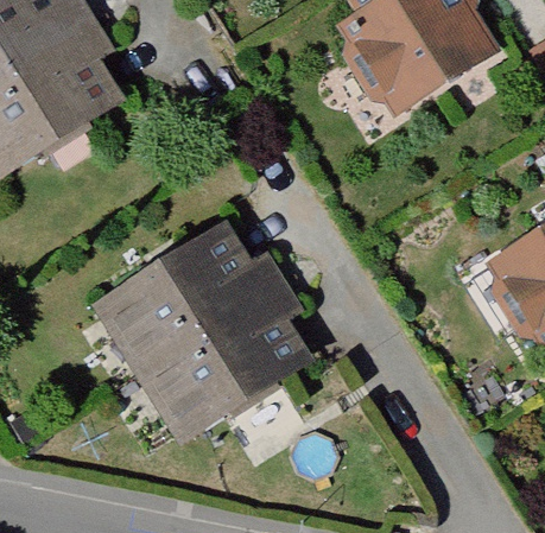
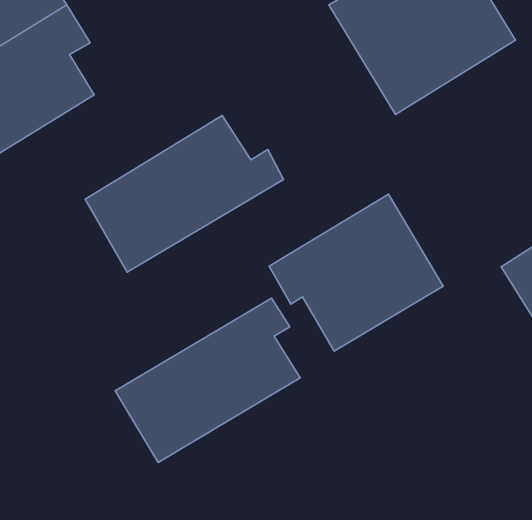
building: none -> [269,194,443,351]
building: [99,229,279,372] -> [85,116,284,272]

